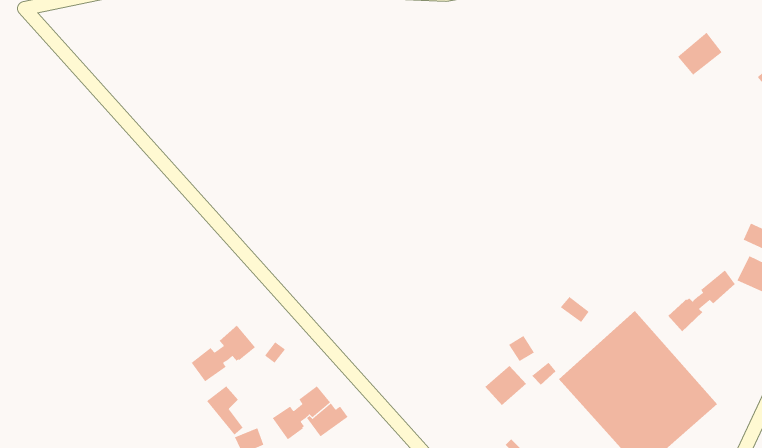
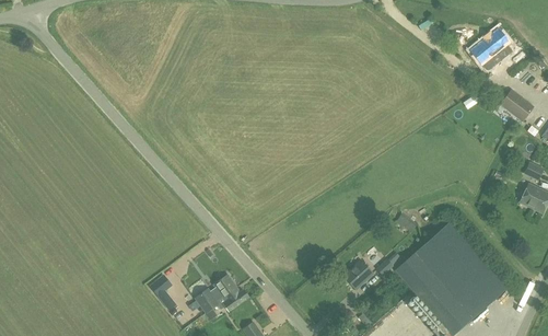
building: none -> [501,90,533,120]
building: [667,270,736,332] -> none
building: [191,325,256,382] -> none

